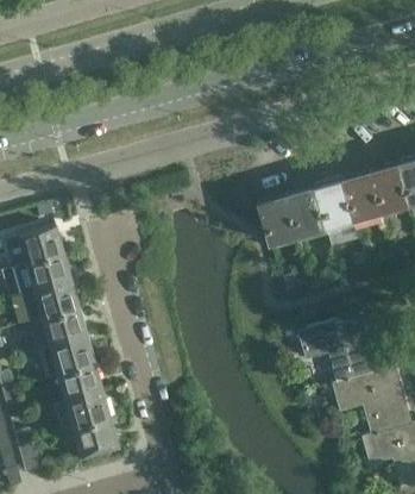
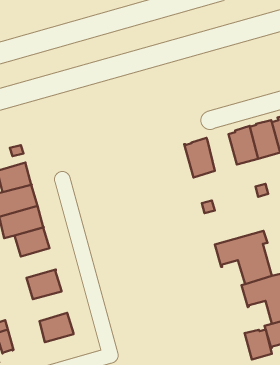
building: [290,187,328,237] -> none
building: [39,337,95,379] -> none
building: [65,393,111,431] -> none
building: none -> [244,330,272,359]

